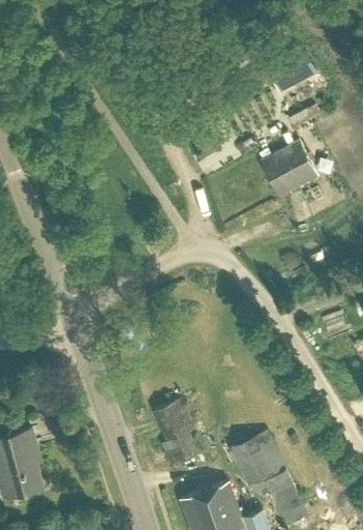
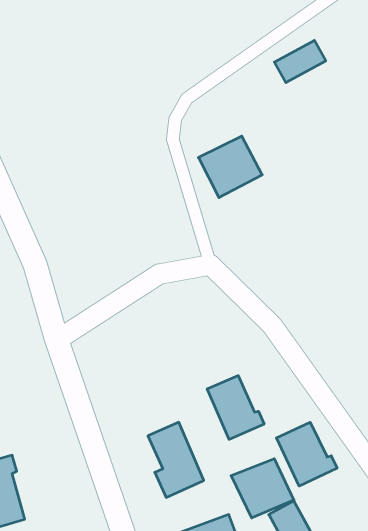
building: [260,143,317,199] -> [198,136,262,198]
building: none -> [207,376,264,439]
building: none -> [276,422,337,486]

